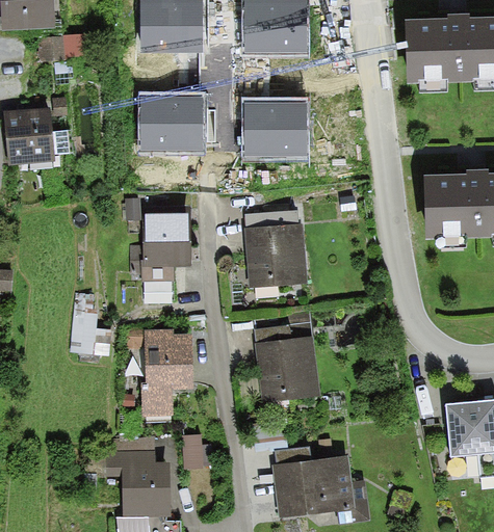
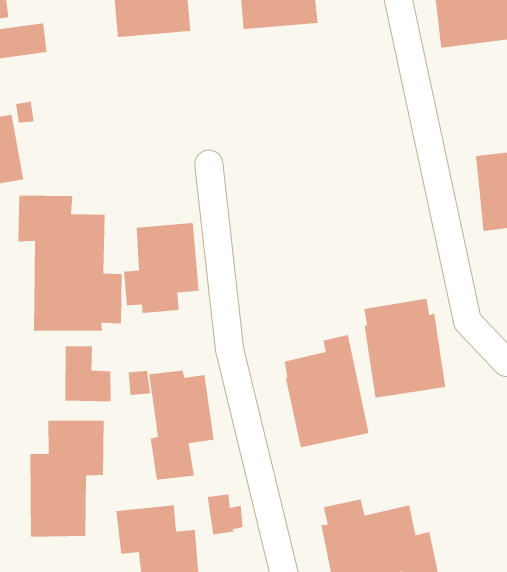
building: [139,97,202,149] -> none
building: [242,102,305,157] -> none
building: none -> [17,195,123,332]
building: [243,210,307,289] -> [364,298,446,398]
building: none -> [29,420,105,538]

